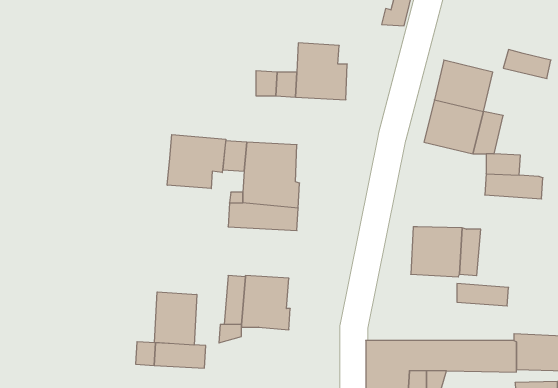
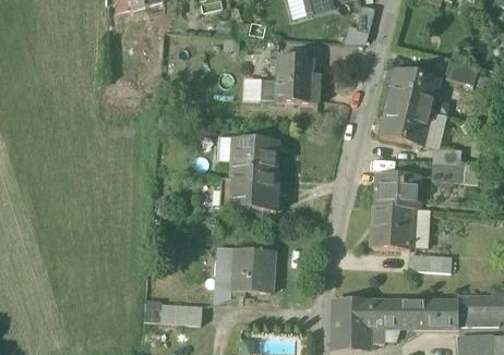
building: [167,135,226,189] -> none
building: none -> [376,173,419,209]
building: [155,292,197,345] -> none

